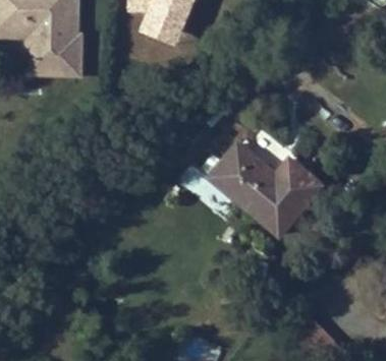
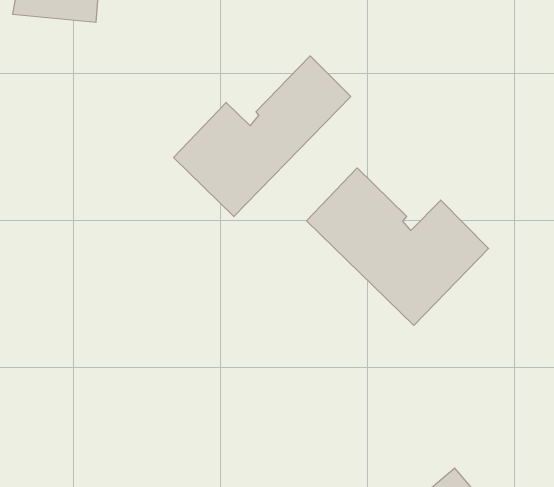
building: none -> [174,56,351,217]

